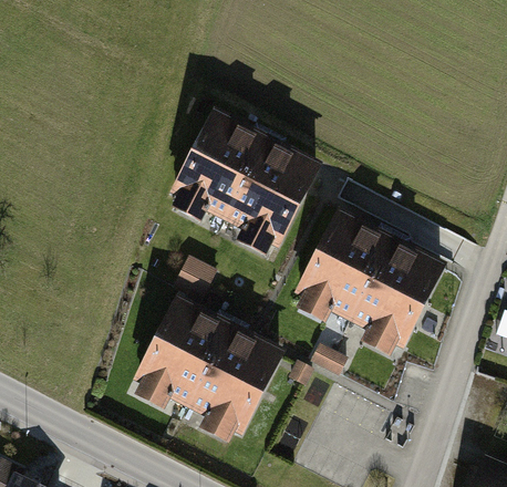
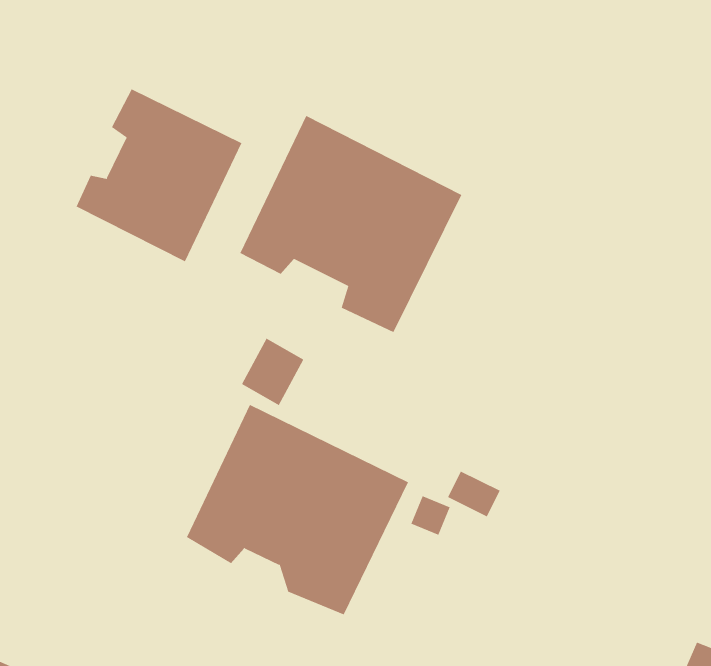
building: none -> [76,88,242,262]
building: [292,210,441,356] -> none

